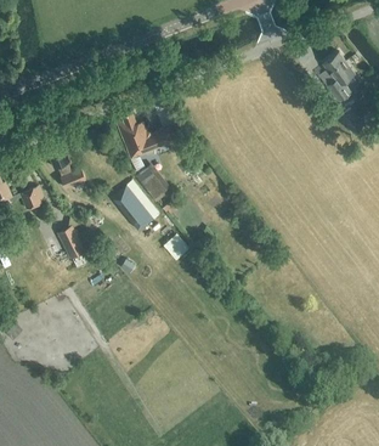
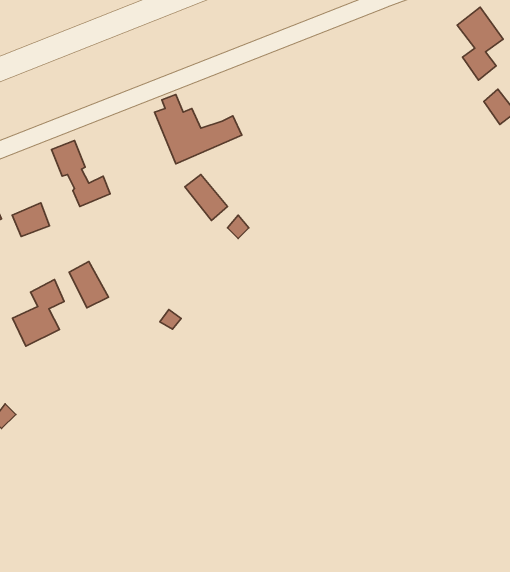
building: [112,184,154,230] -> none
building: none -> [13,279,64,346]

